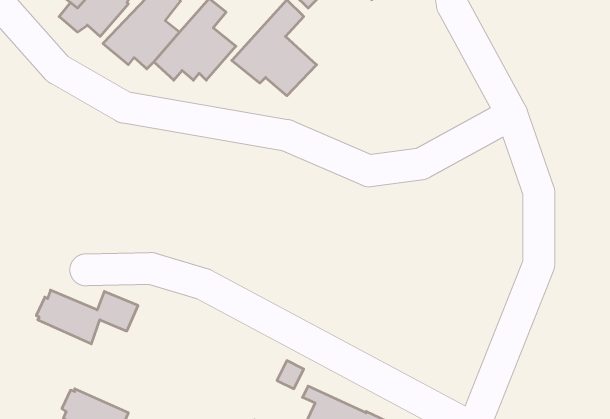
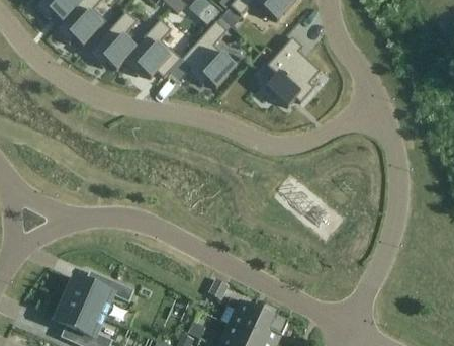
building: none -> [264,37,322,108]
building: [36,290,138,344] -> [63,278,135,317]

